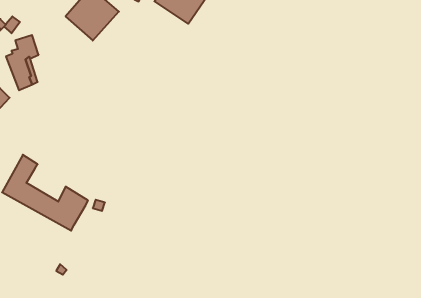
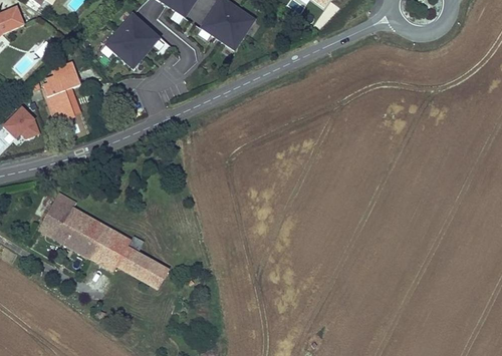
building: none -> [62,206,104,241]
building: none -> [113,246,168,289]

